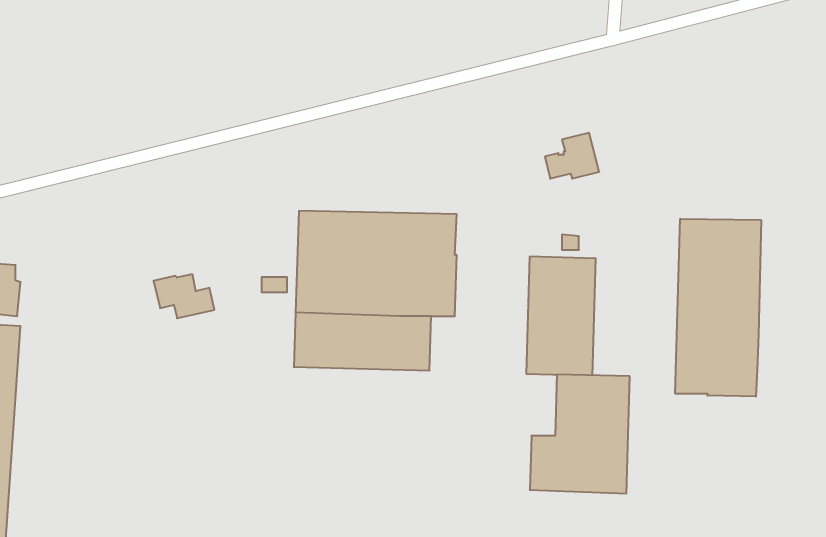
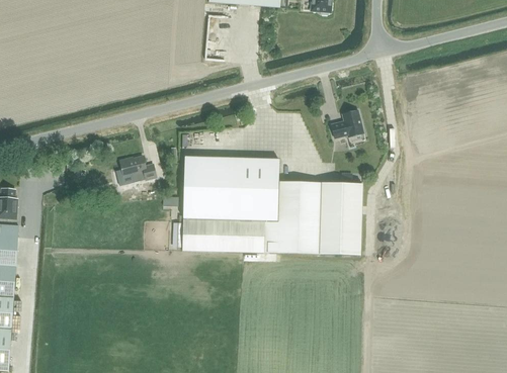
building: [675,219,761,397] -> none
building: [153,274,214,318] -> [118,156,155,182]
building: [530,375,630,493] -> [262,183,322,254]

